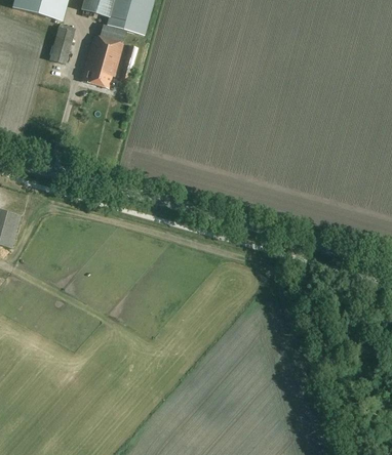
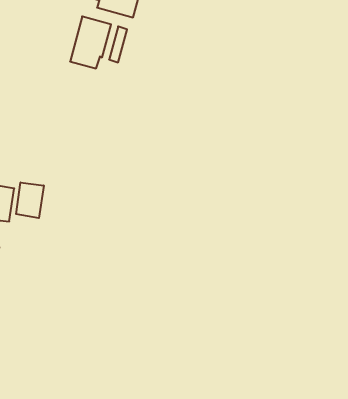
building: [49,26,76,66] -> none
building: none -> [16,182,44,218]

